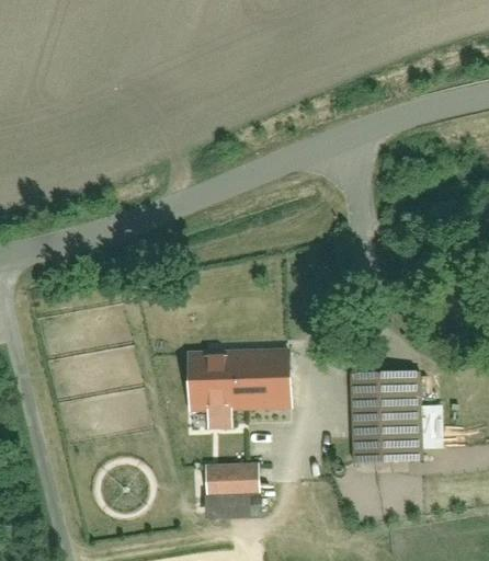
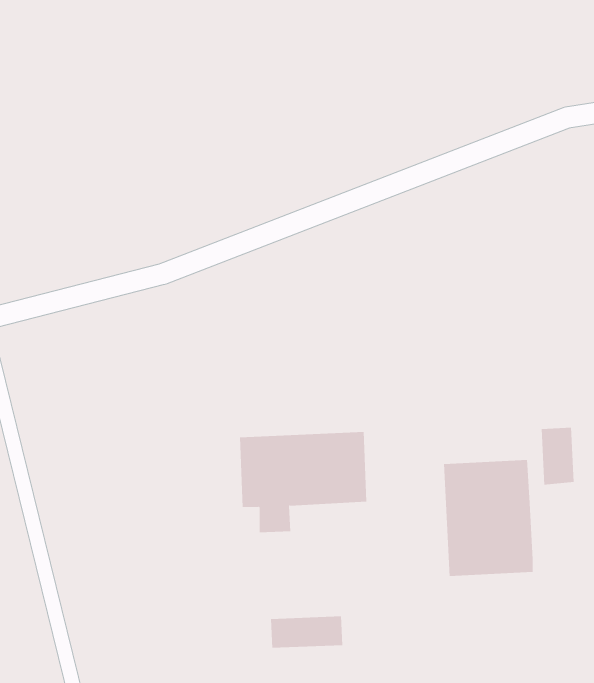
building: [417,404,443,449] -> [541,427,575,485]
building: [204,461,258,493] -> none

